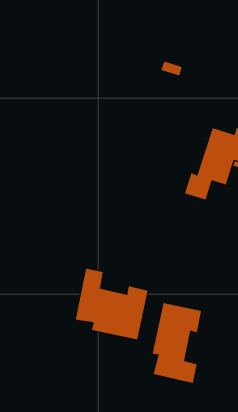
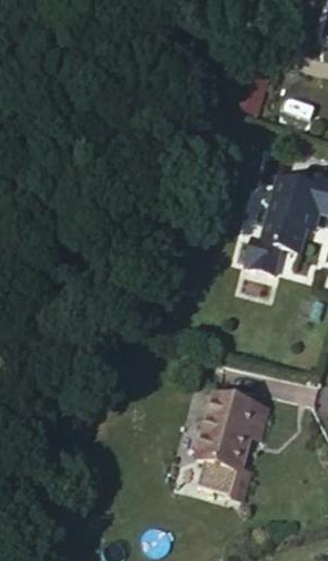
building: [75,268,148,340] -> none

